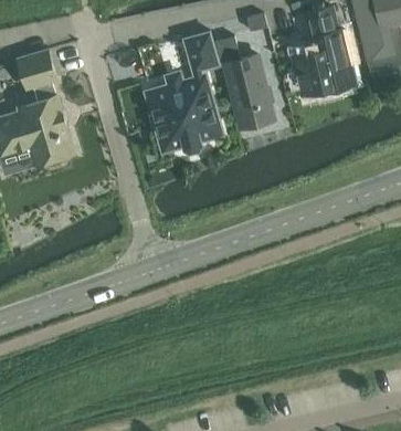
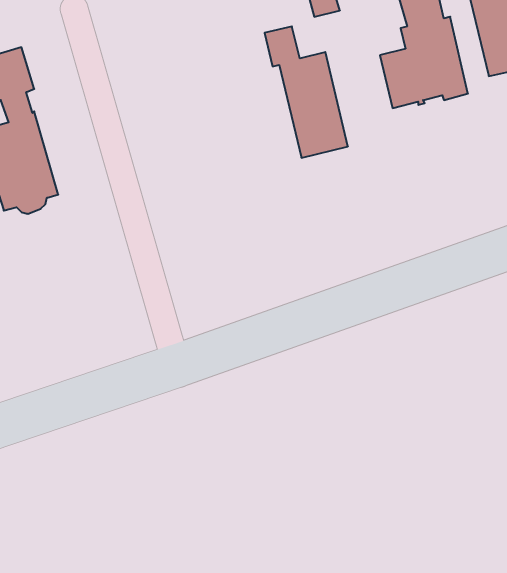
building: [183,32,220,74] -> none
building: [150,78,221,151] -> none

